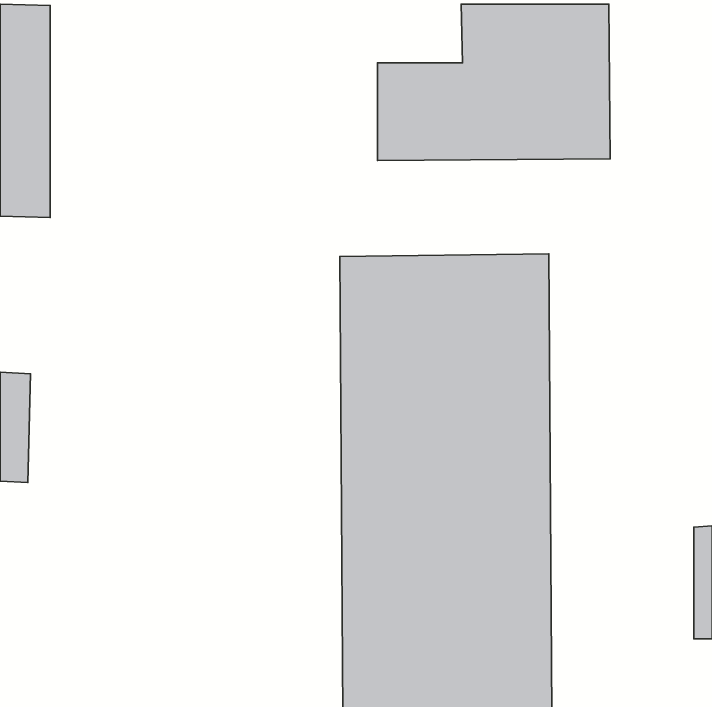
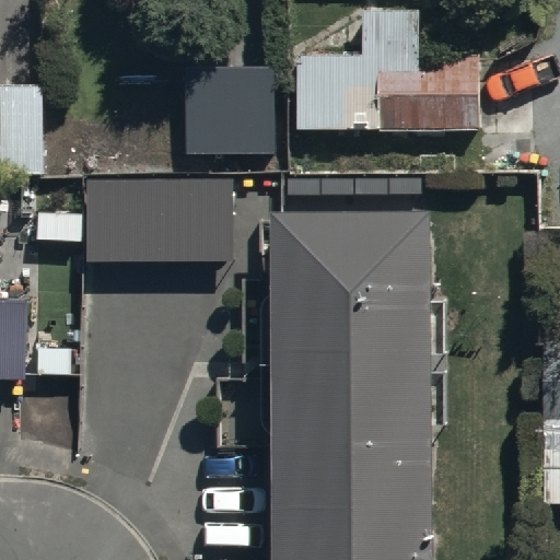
building: none -> [185,66,275,154]
building: none -> [85,184,232,266]

